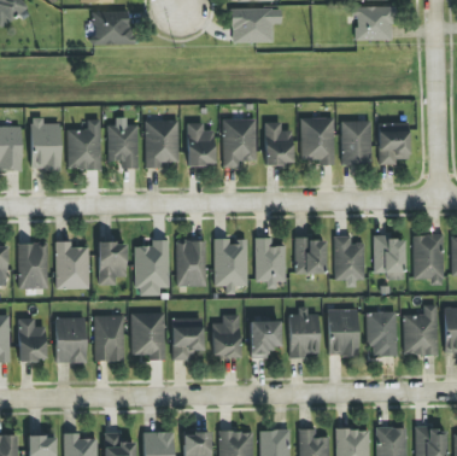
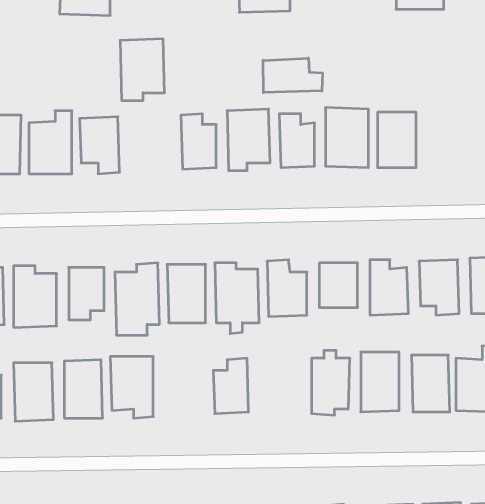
building: none -> [263,58,322,93]
building: [145,119,180,168] -> [120,39,165,100]
building: [377,125,410,164] -> none
building: [172,317,204,361] -> none
building: [250,320,281,357] -> none

